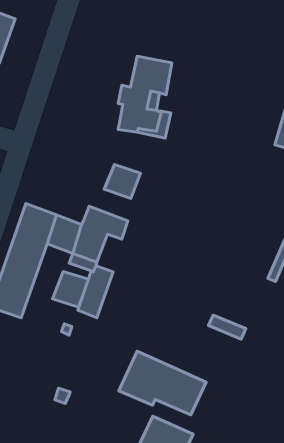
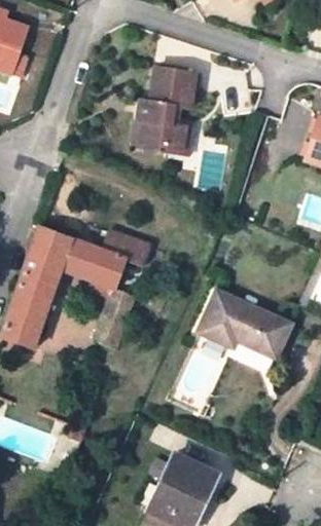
building: [104,164,140,199] -> none
building: [52,271,88,307] -> none
building: [119,351,206,415] -> [199,289,292,356]

